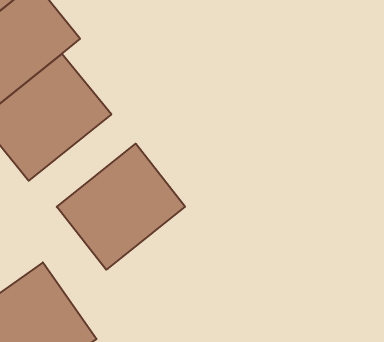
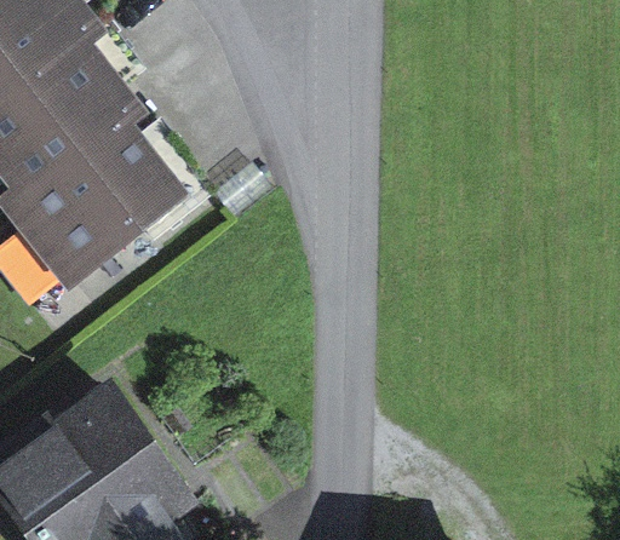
building: [57,144,185,270] -> none

